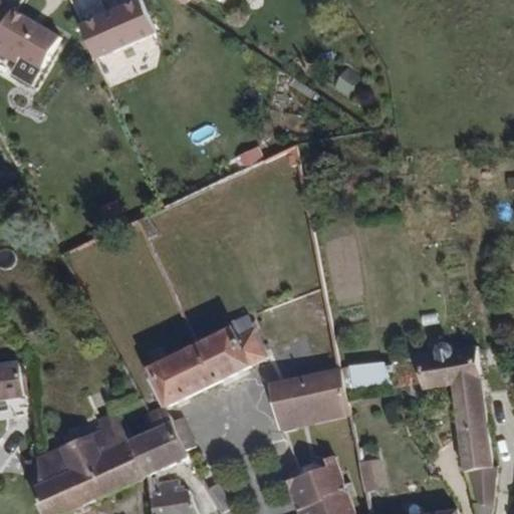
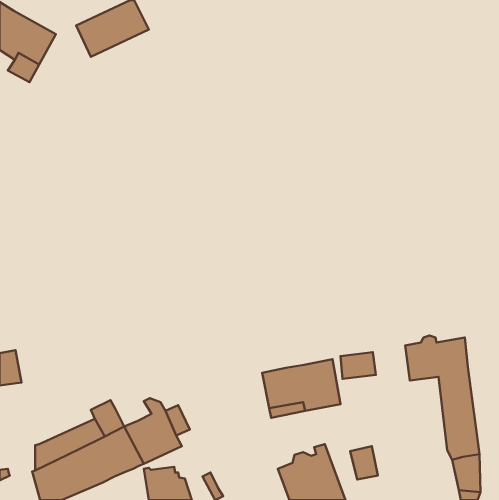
building: [146,314,267,404] -> none

